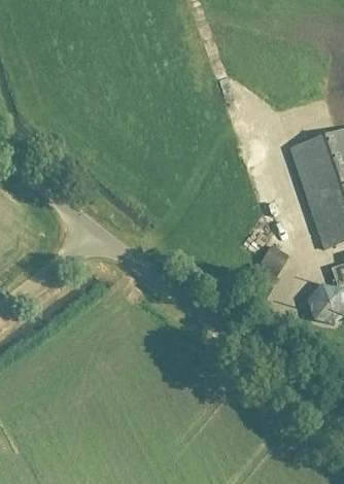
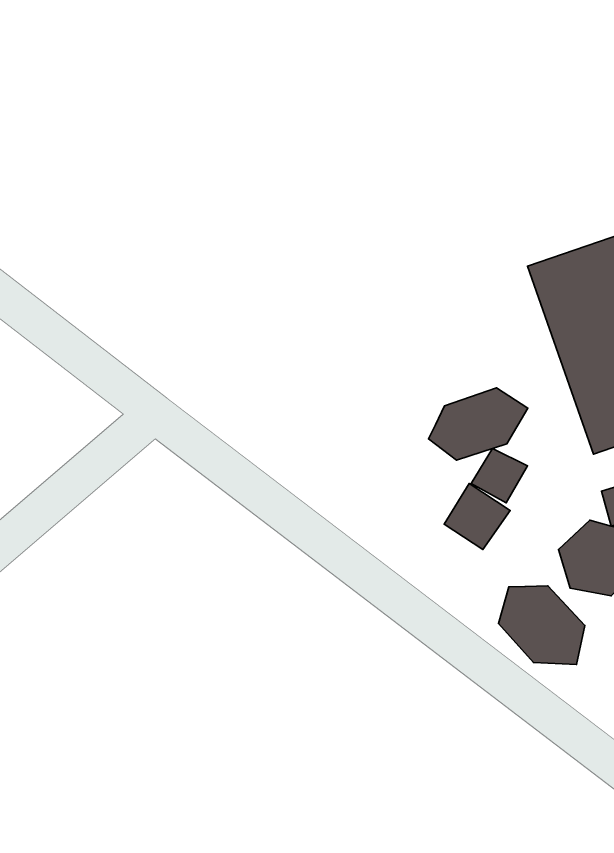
building: none -> [428,388,528,460]
building: none -> [498,586,585,664]

